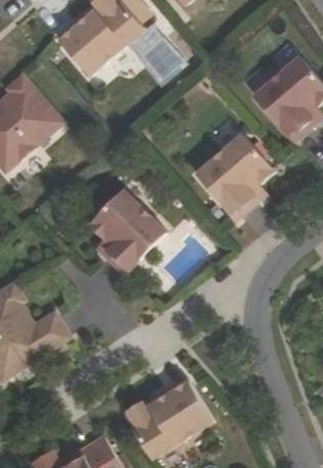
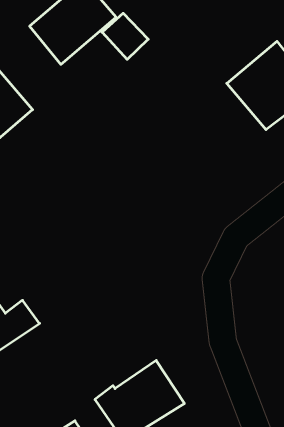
building: [199,133,276,218] -> none
building: [91,188,168,274] -> none

